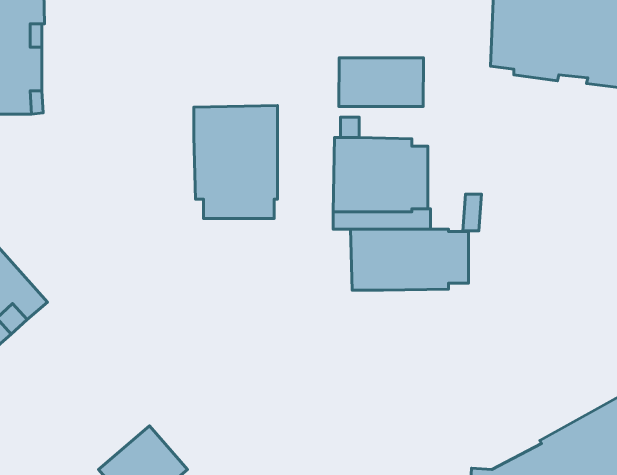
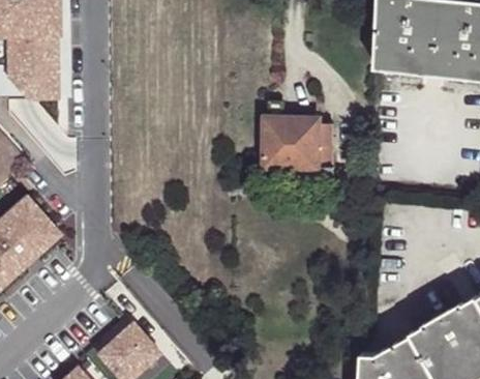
building: [339,58,423,106] -> none
building: [194,105,277,218] -> none
building: [350,229,469,290] -> none

